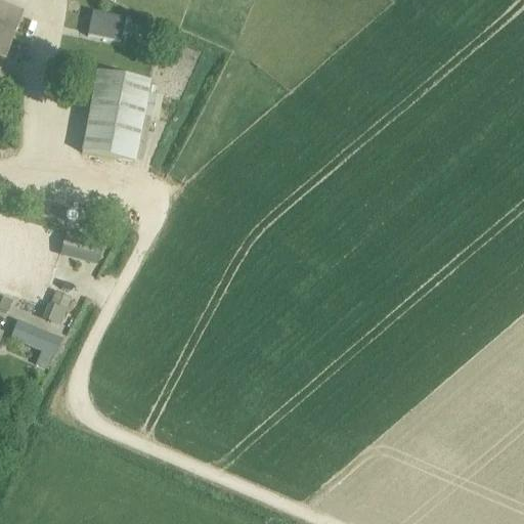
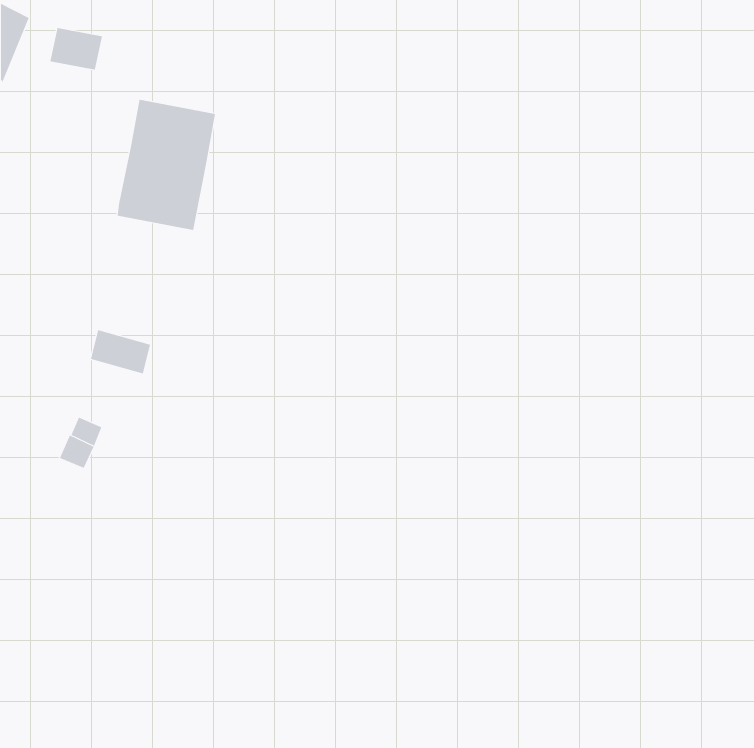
building: [88,9,125,39] -> [50,27,103,70]
building: [10,317,62,354] -> none

